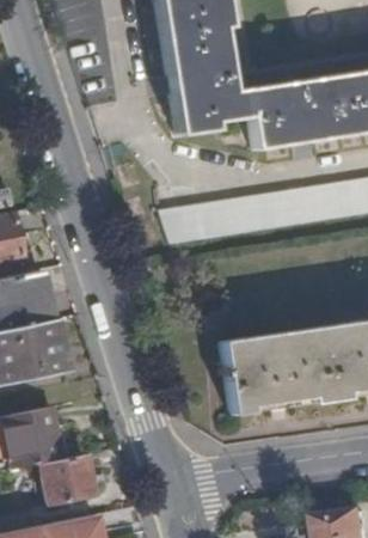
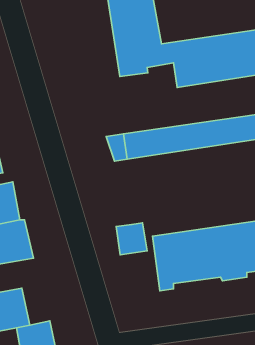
building: none -> [116,223,147,255]

